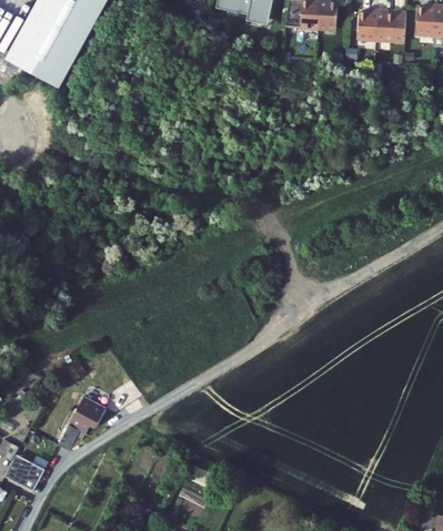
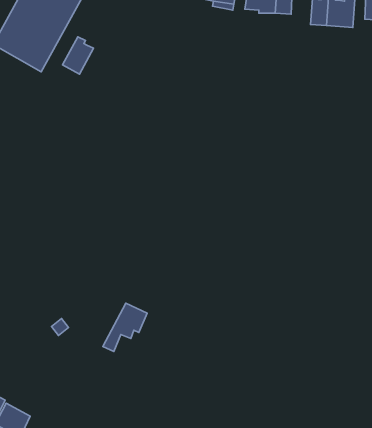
building: none -> [63,37,93,74]
building: [60,395,109,448] -> [103,303,147,351]

